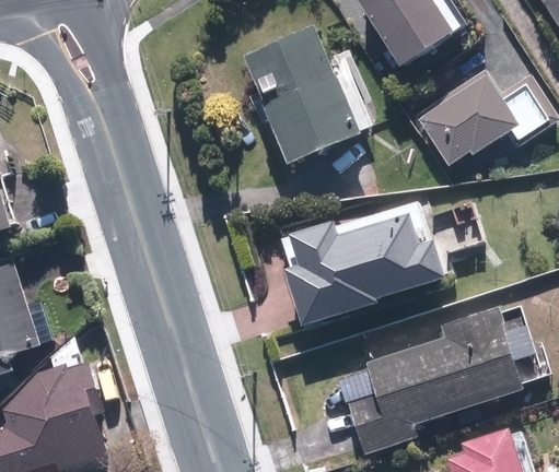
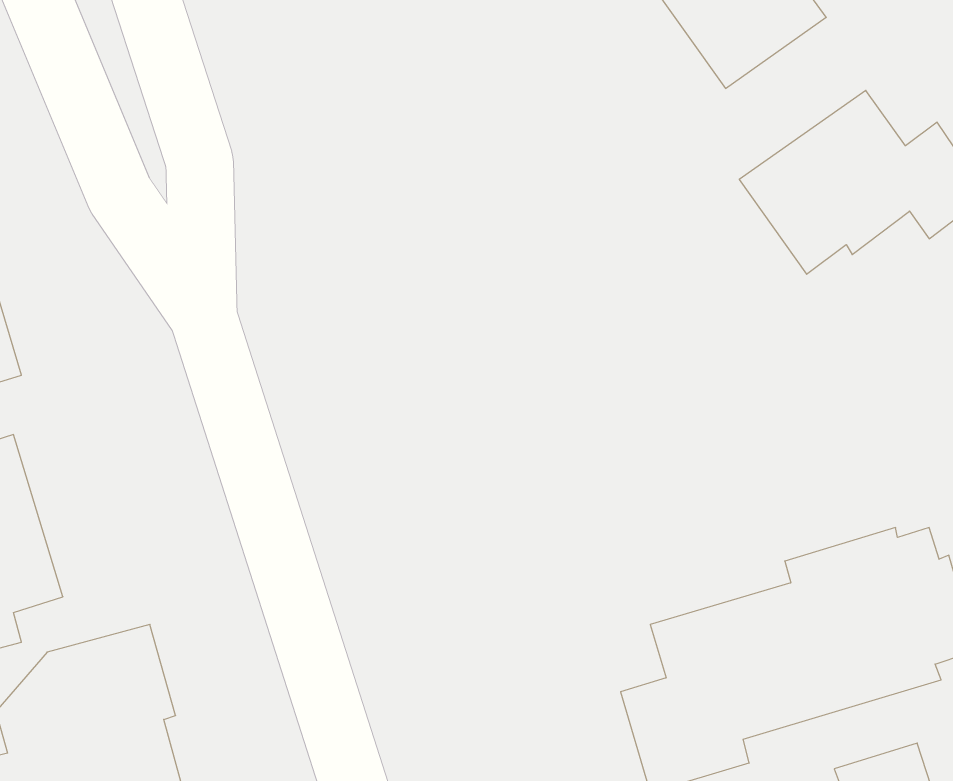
building: [243,27,363,164] -> none
building: [278,211,476,326] -> none

